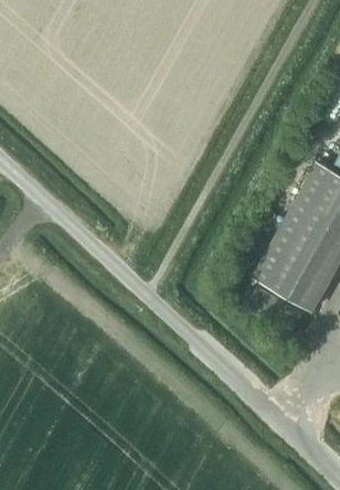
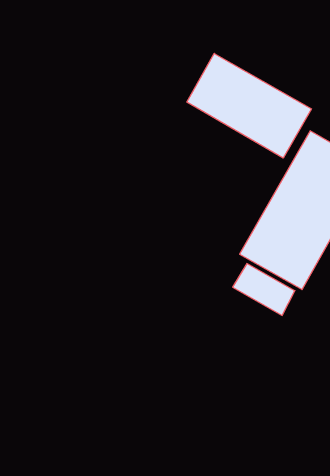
building: none -> [187,53,311,158]

